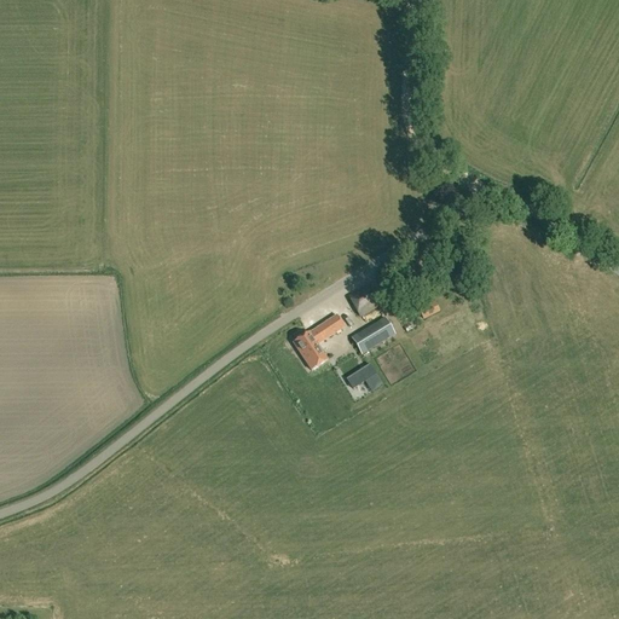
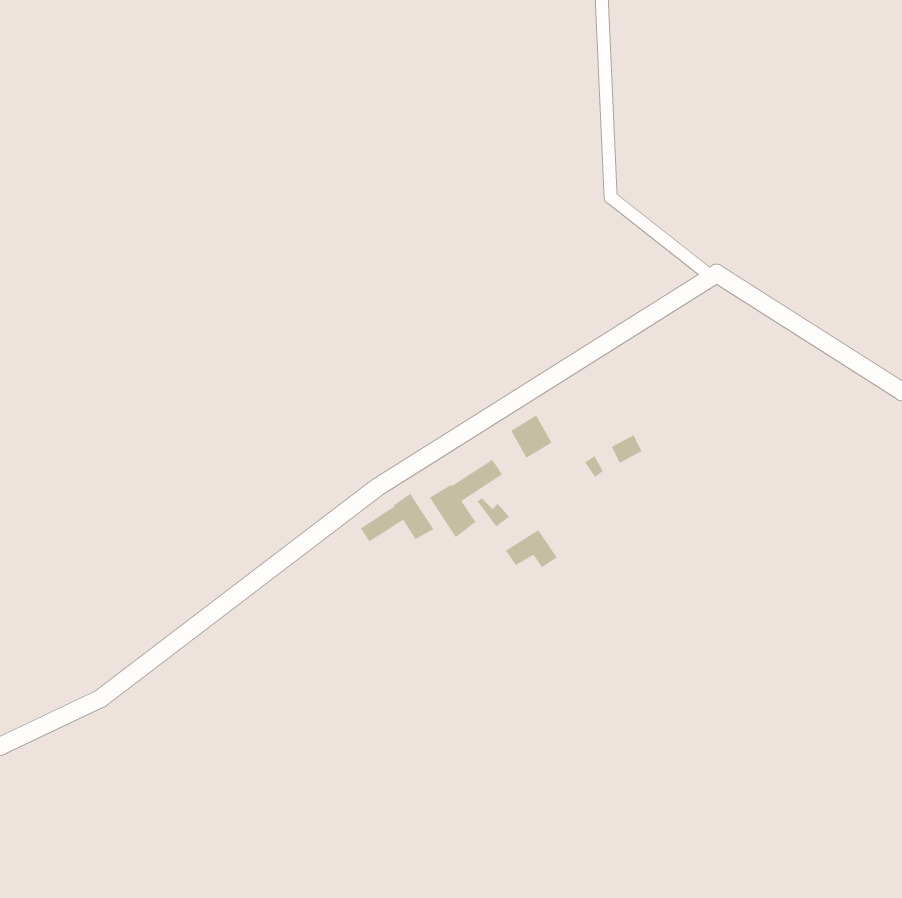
building: [352,316,395,352] -> none
building: none -> [360,493,434,543]

